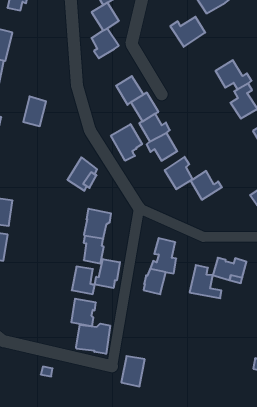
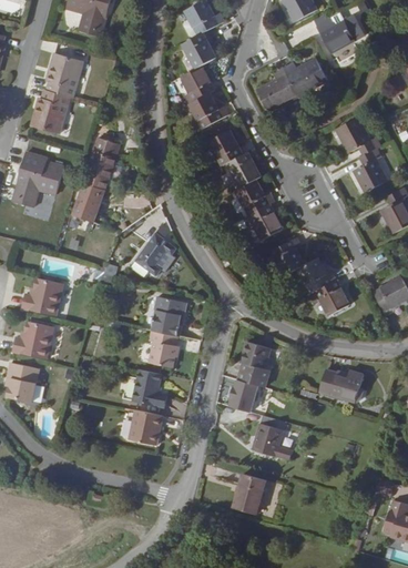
building: none -> [257,68,298,111]
building: none -> [188,92,228,129]
building: none -> [76,179,120,226]
building: [111,124,142,161] -> none
building: none -> [309,278,350,316]
building: [95,259,120,288] -> none
building: [190,265,221,298] -> [249,414,290,458]
building: [76,324,110,354] -> none
building: [121,356,145,386] -> [232,473,264,513]

